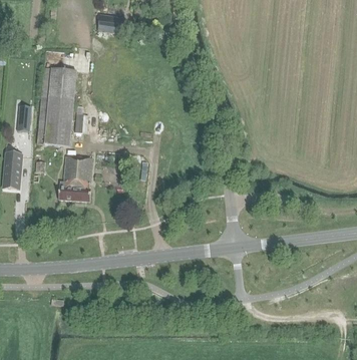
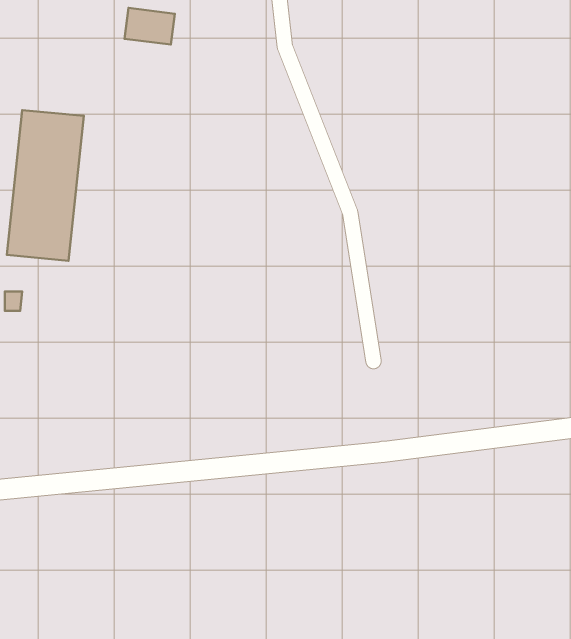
building: [60,155,93,201] -> none

